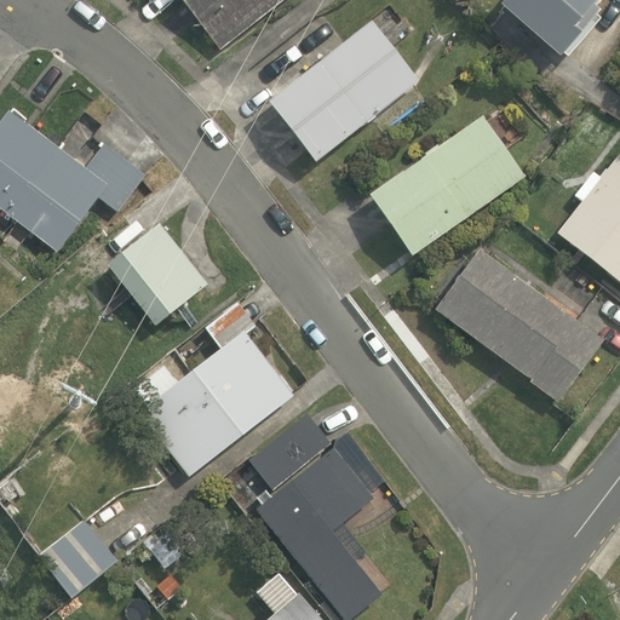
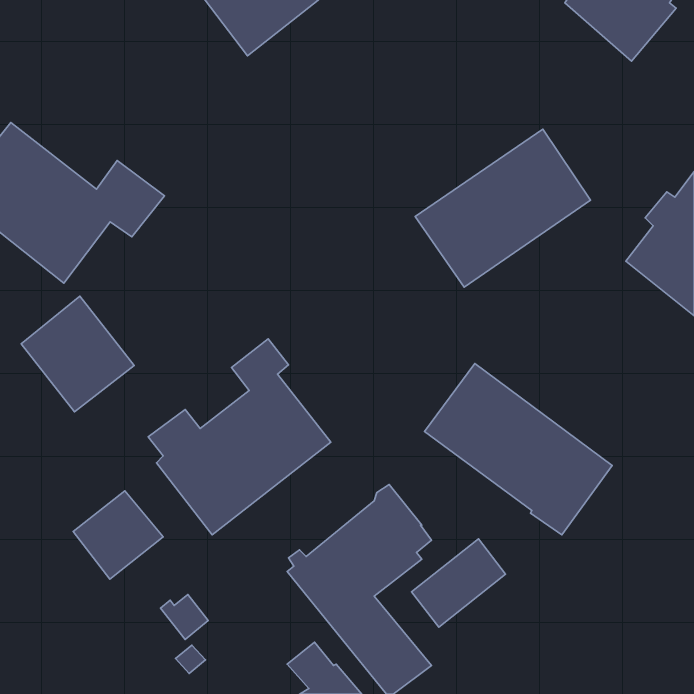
building: [271,21,419,161] -> none
building: [109,222,209,325] -> [21,296,134,412]
building: [436,248,603,401] -> [424,363,612,535]
building: [248,412,332,490] -> [412,539,506,627]
building: [39,518,119,597] -> [73,491,163,579]

